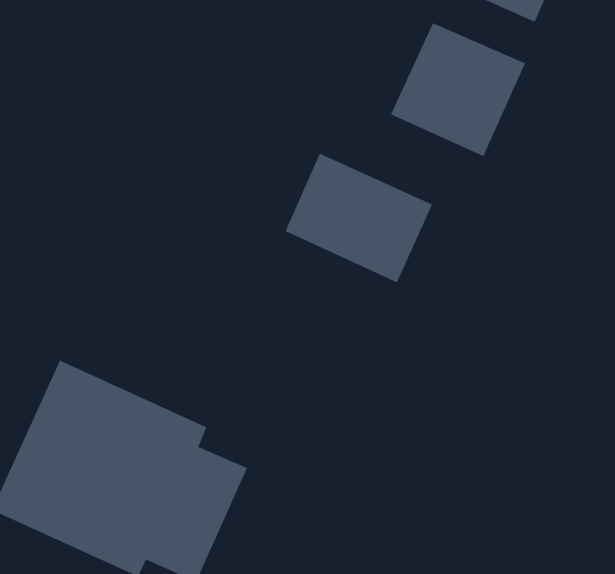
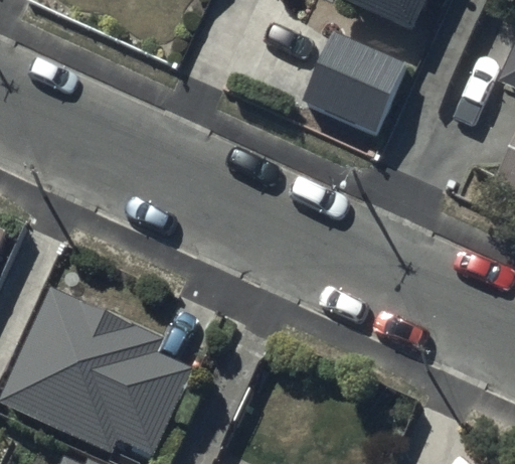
building: [285,153,433,283] -> none

